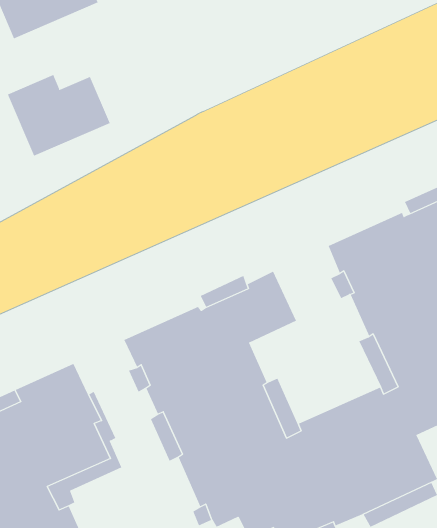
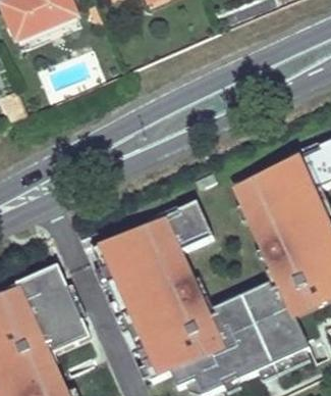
building: [7,74,111,157] -> none

